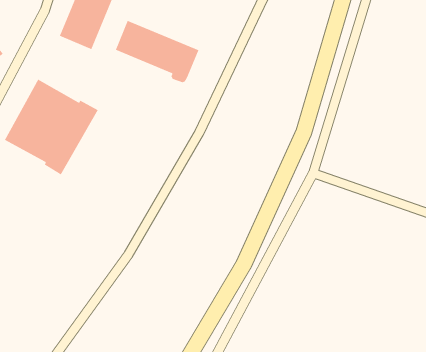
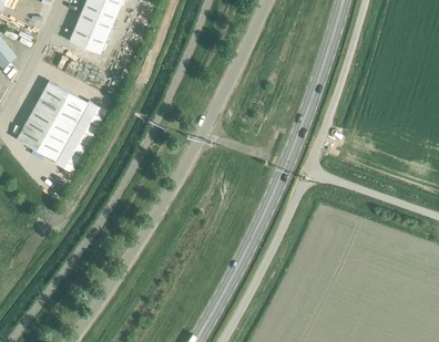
building: [115,20,199,83] -> none

